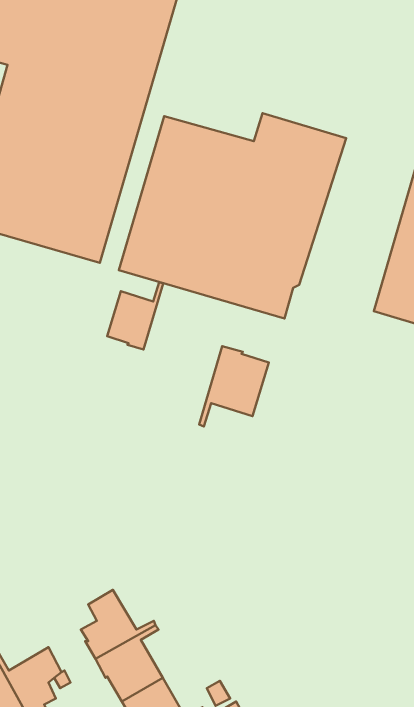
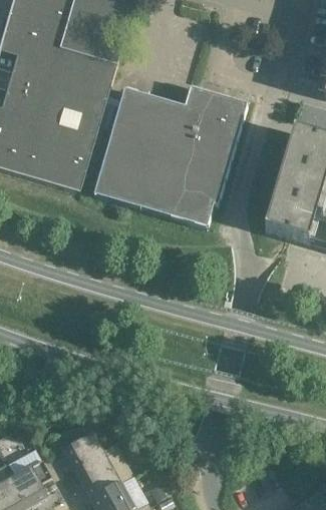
building: [107,282,163,349] -> none
building: [199,346,269,426] -> none

